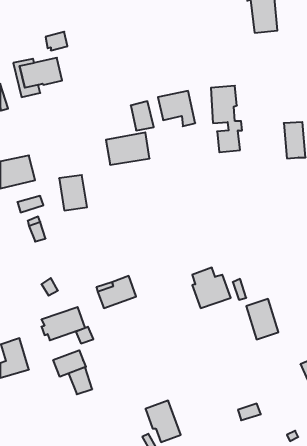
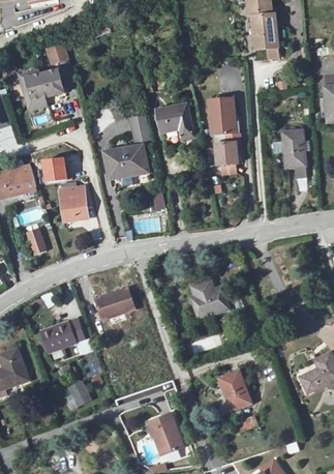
building: none -> [42,155,68,181]
building: [246,299,278,339] -> [220,369,252,410]
building: [53,350,86,377] -> none

